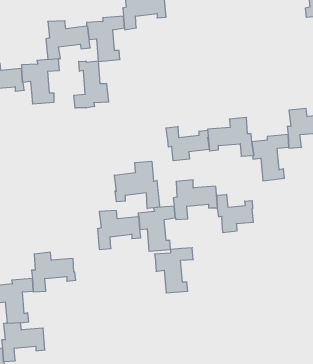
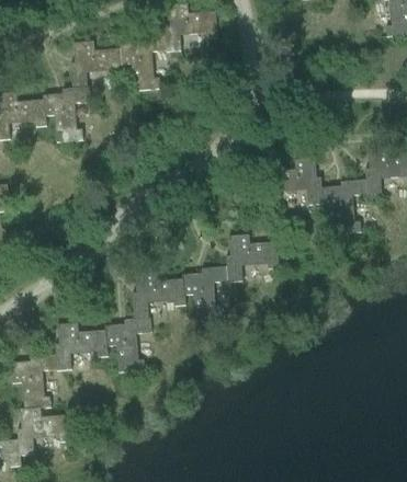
building: [74,61,108,108] -> none
building: [166,126,209,161] -> none
building: [114,161,160,209] -> none
building: [217,194,253,233] -> none
building: [154,248,193,293] -> [103,317,150,371]

